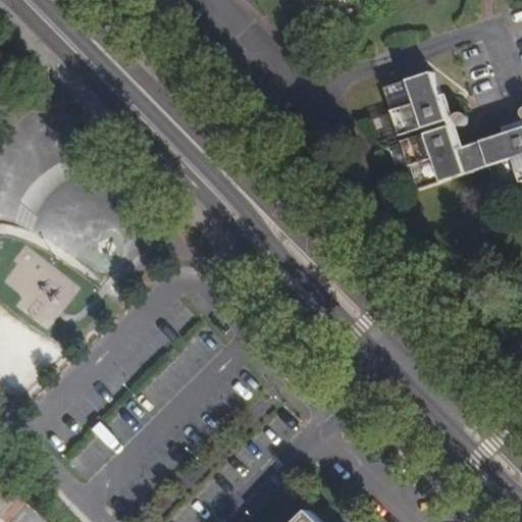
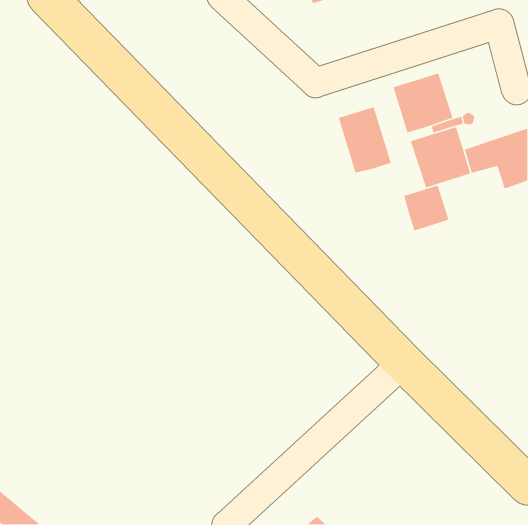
building: none -> [338,106,392,173]
building: none -> [403,185,449,232]

